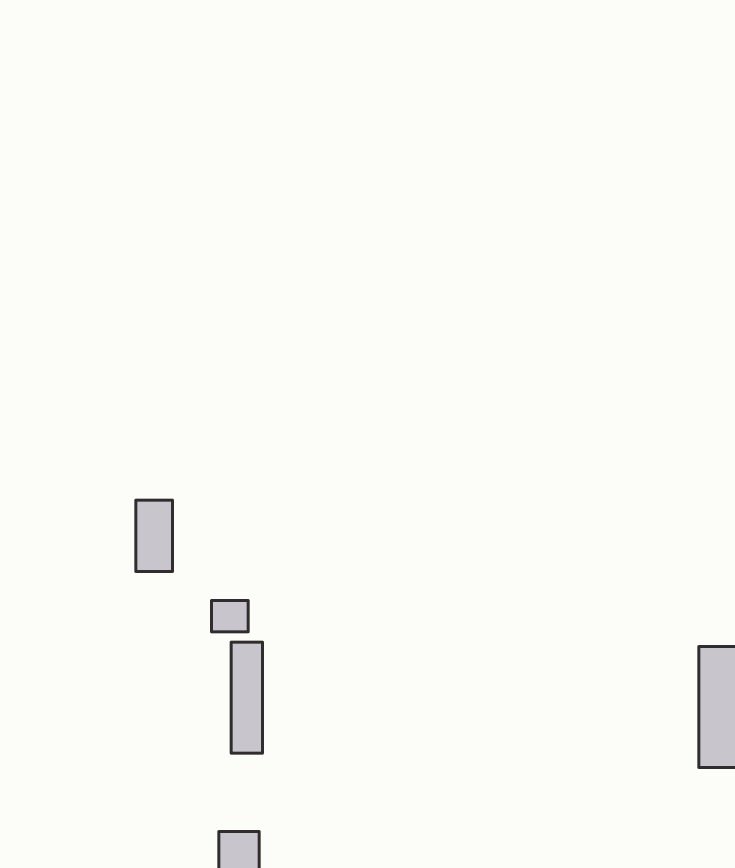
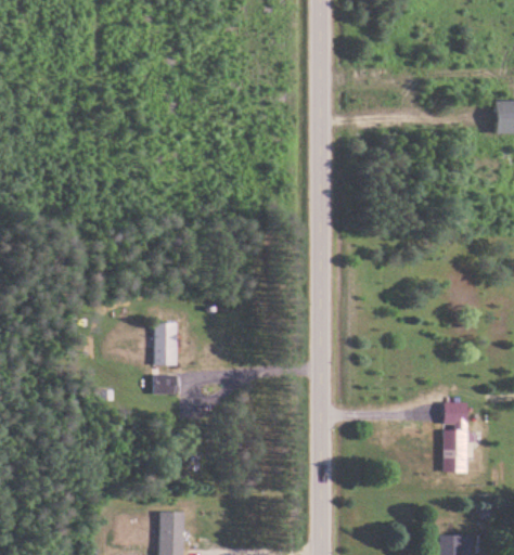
building: [136,500,172,572] -> [155,323,177,365]
building: [231,642,262,753] -> none

